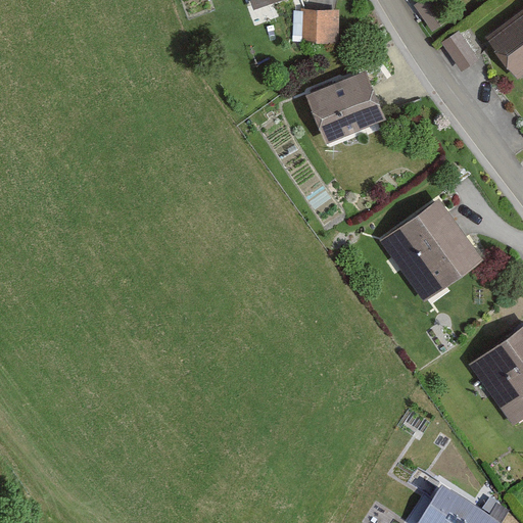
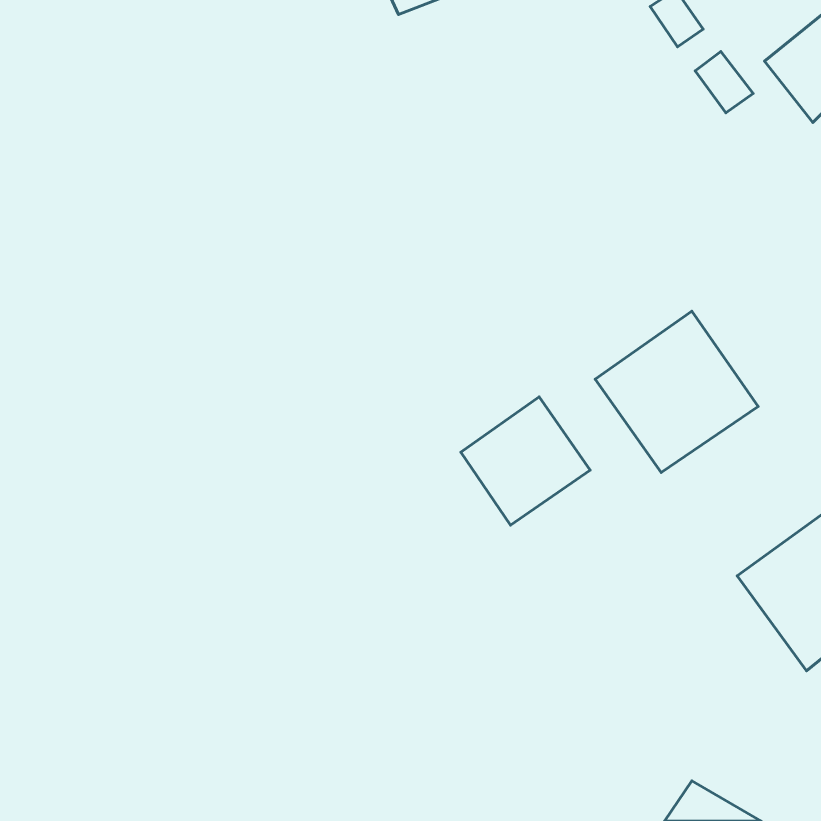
building: [301,10,338,43] -> none
building: [305,70,384,141] -> none
building: none -> [461,397,590,525]

